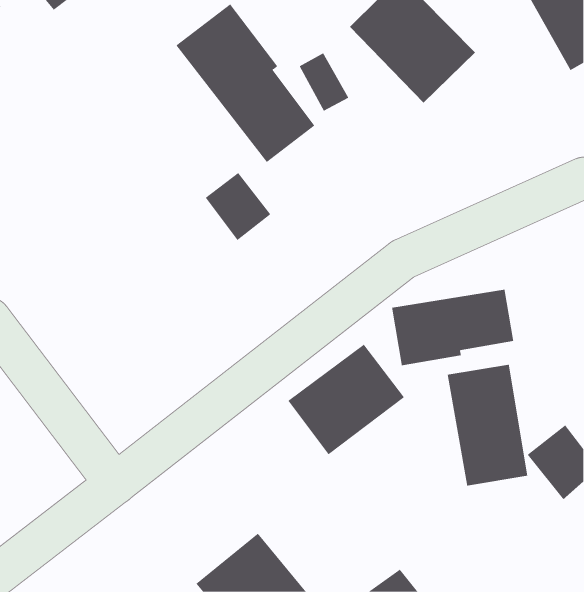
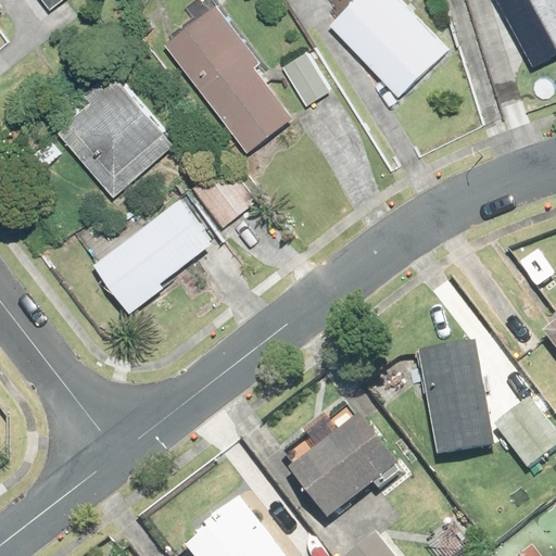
building: none -> [54,78,174,198]
building: none -> [94,194,220,312]
building: [392,289,514,366] -> none
building: [287,344,405,455] -> [288,413,397,517]

